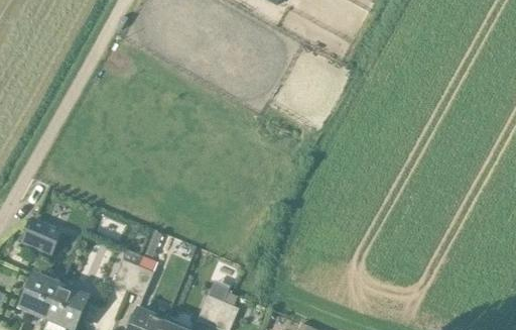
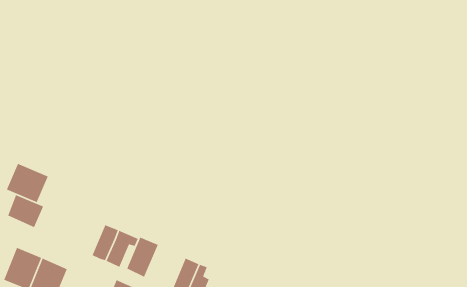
building: none -> [6,163,49,203]
building: none -> [126,236,159,278]

